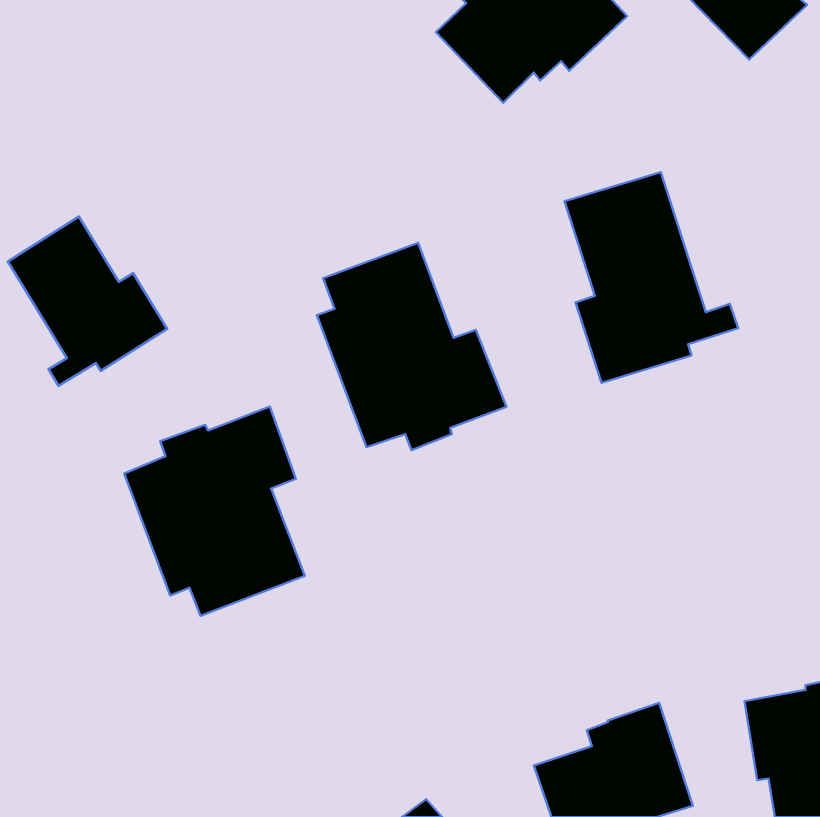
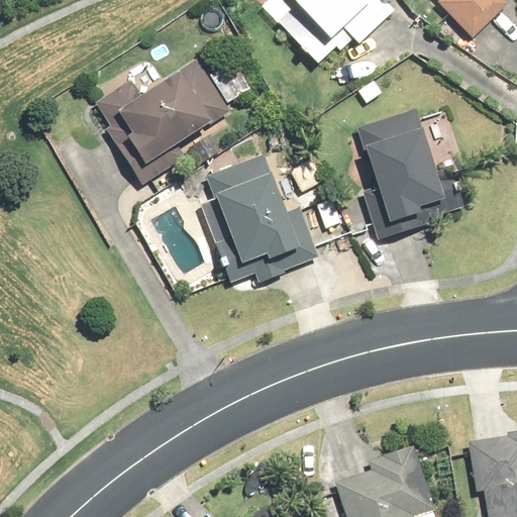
building: none -> [95,63,228,183]
building: [8,216,167,386] -> none
building: [124,407,305,616] -> none

